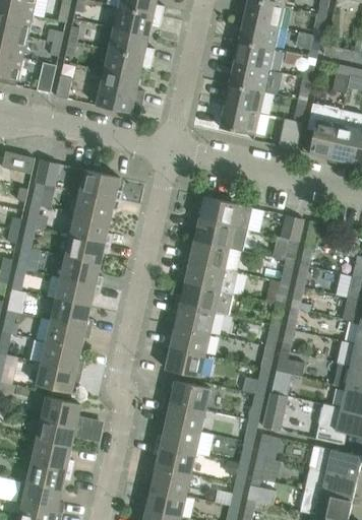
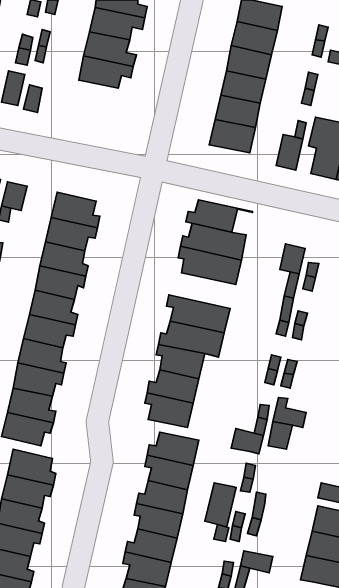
building: [96,71,144,115] -> none
building: [183,241,242,269] -> [186,200,253,232]
building: [262,393,290,432] -> [205,483,236,527]

